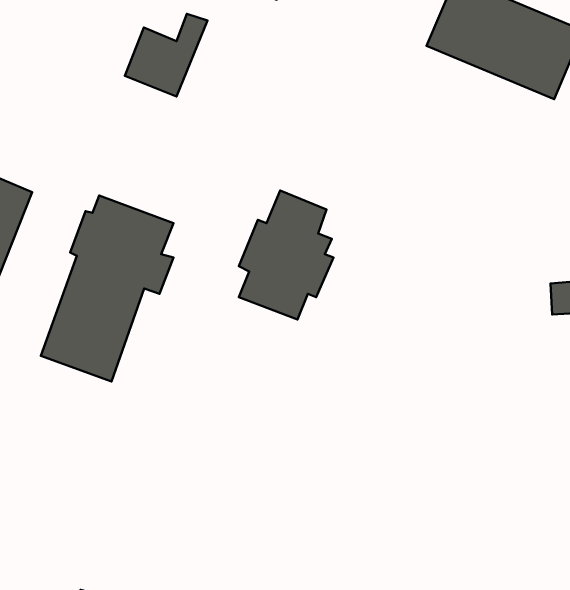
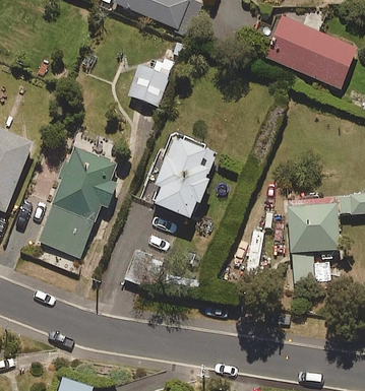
building: [125,14,208,96] -> [127,55,176,104]
building: none -> [285,195,340,281]

